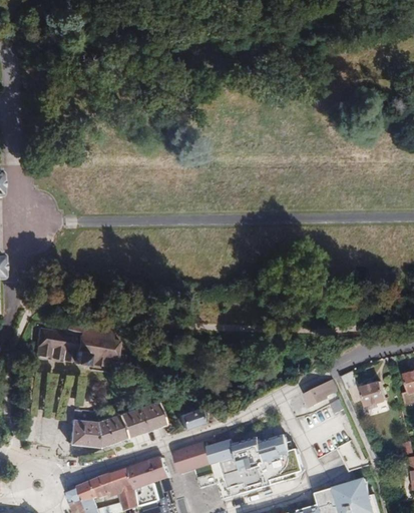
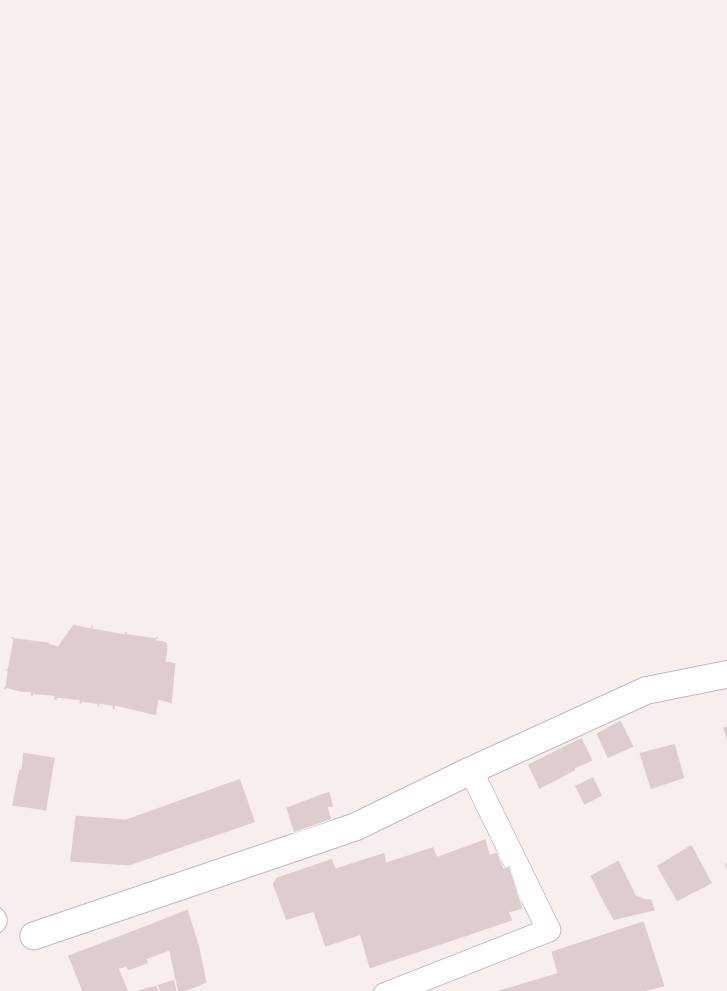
building: none -> [12,752,56,811]
building: none -> [656,844,713,902]
building: [129,458,168,506] -> none

